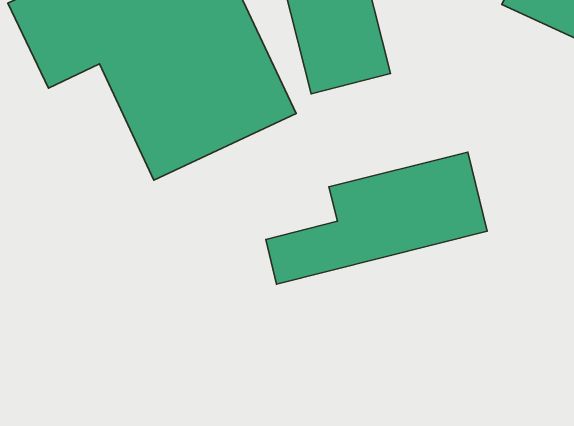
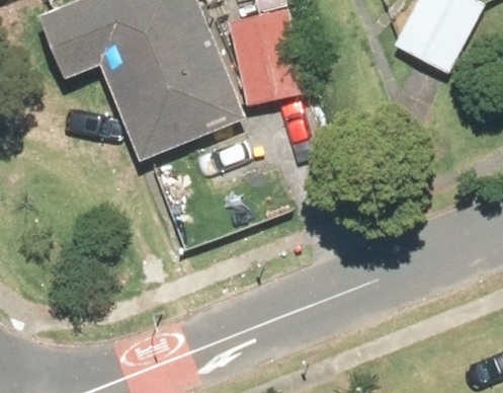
building: [266,152,487,284] -> none

